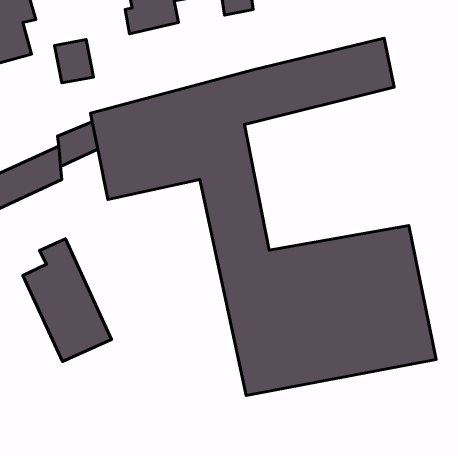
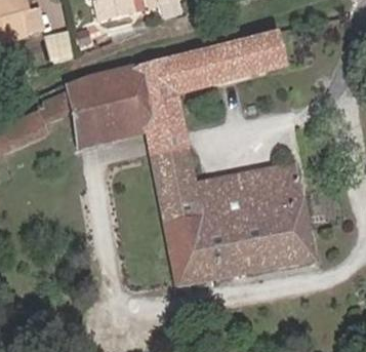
building: [23,239,111,362] -> none

